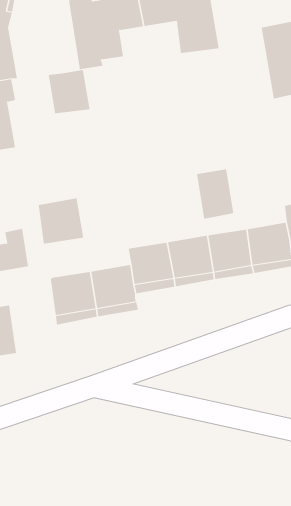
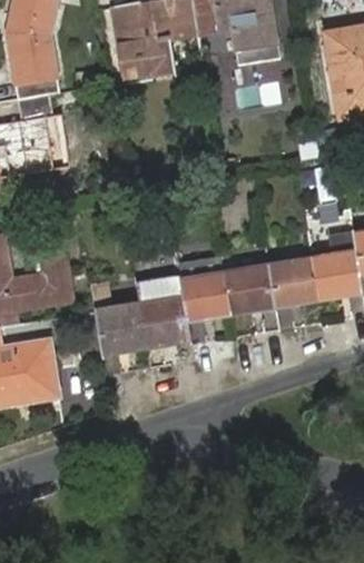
building: [48,69,90,114] -> none
building: [197,169,234,219] -> none
building: [38,198,84,244] -> none

